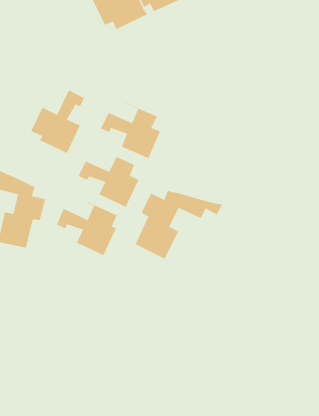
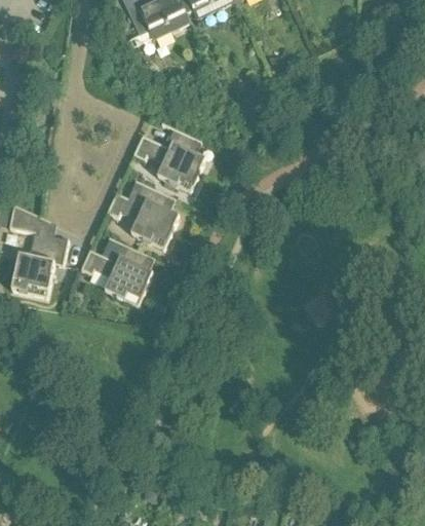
building: [30,89,85,154] -> none
building: [135,190,223,260] -> none

